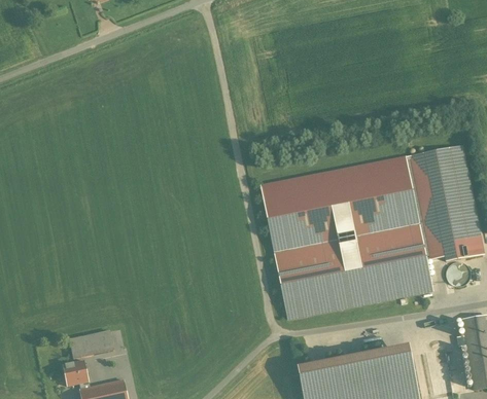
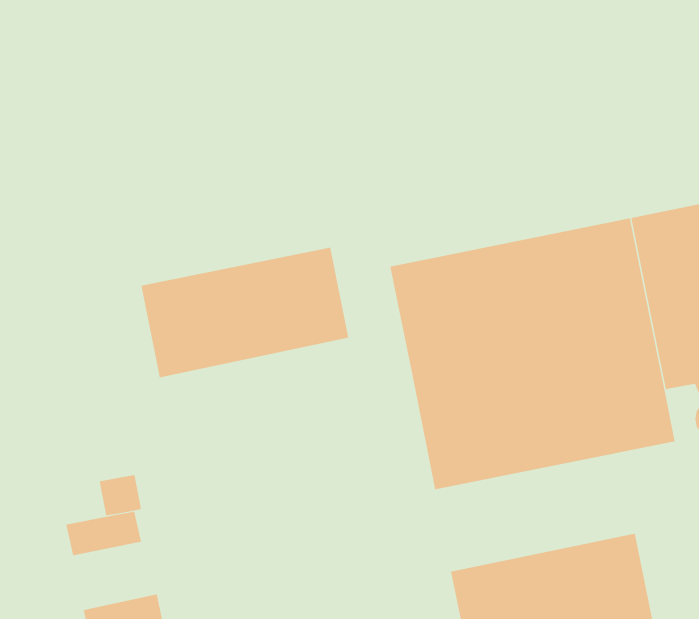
building: none -> [141,247,349,378]
building: [63,360,89,385] -> [99,474,142,516]

